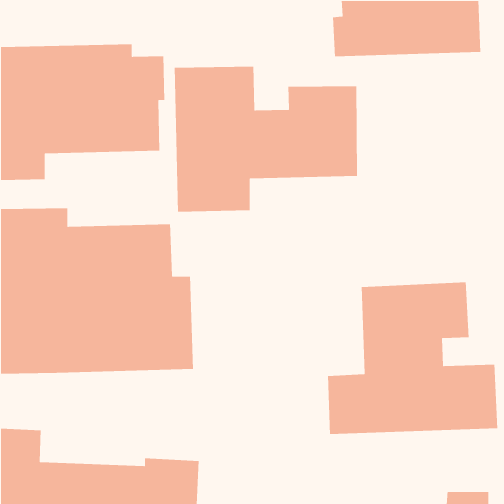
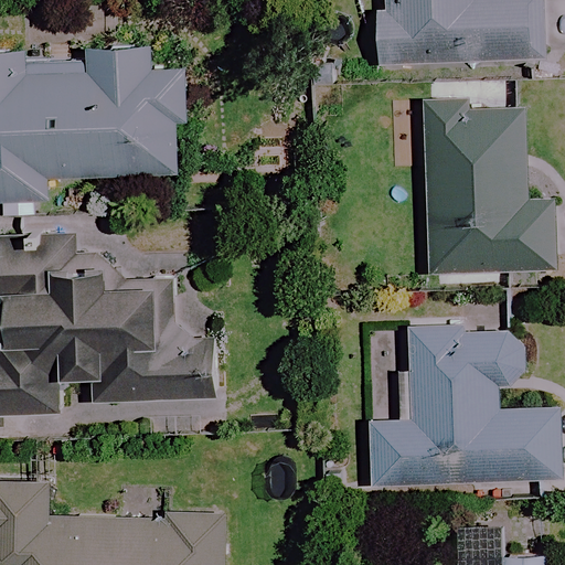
building: [174,66,358,213] -> none
building: none -> [418,93,557,285]

